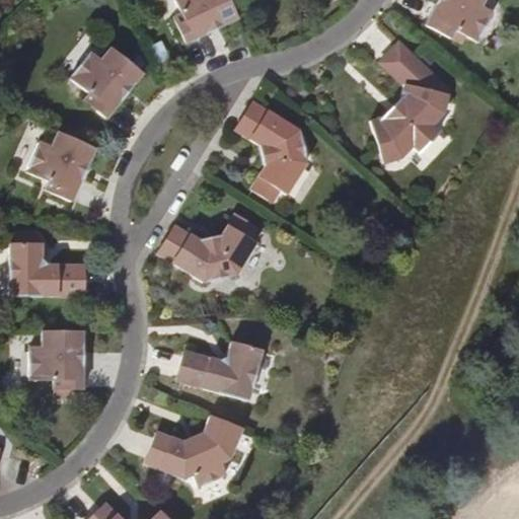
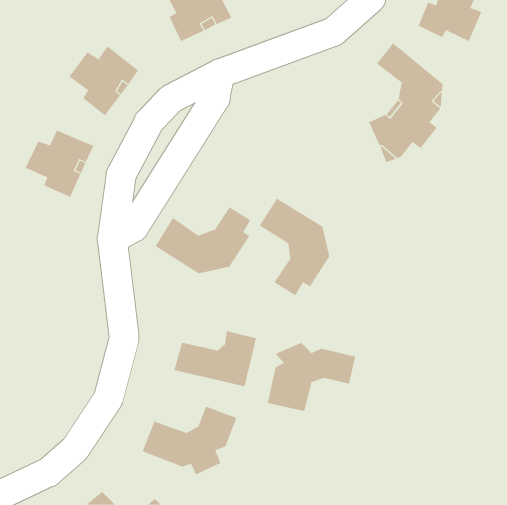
building: [233,102,306,203] -> [259,198,330,296]
building: [9,234,83,297] -> none
building: [28,329,83,396] -> none
building: none -> [267,342,356,412]

